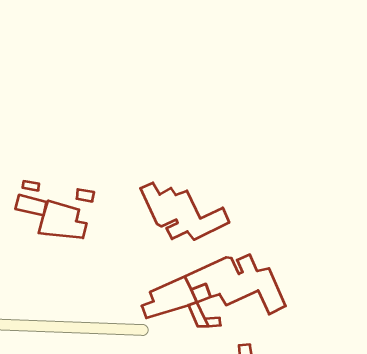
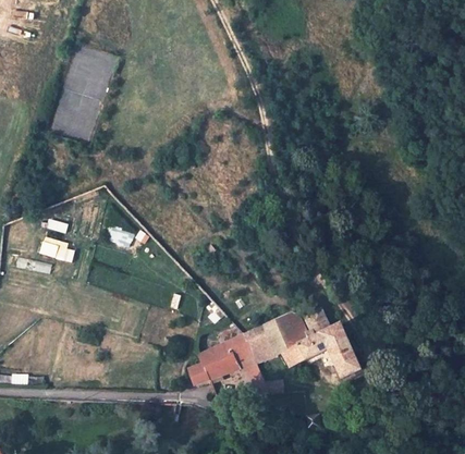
building: [140,183,229,240] -> none
building: [39,201,86,238] -> none

